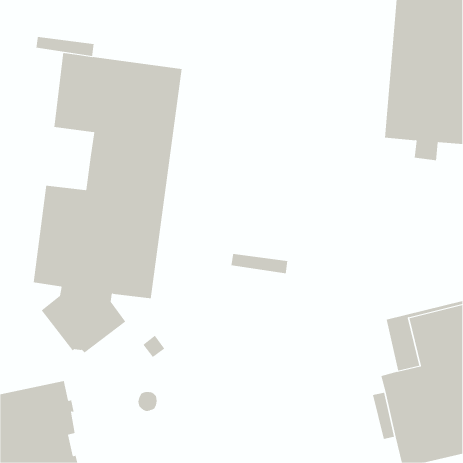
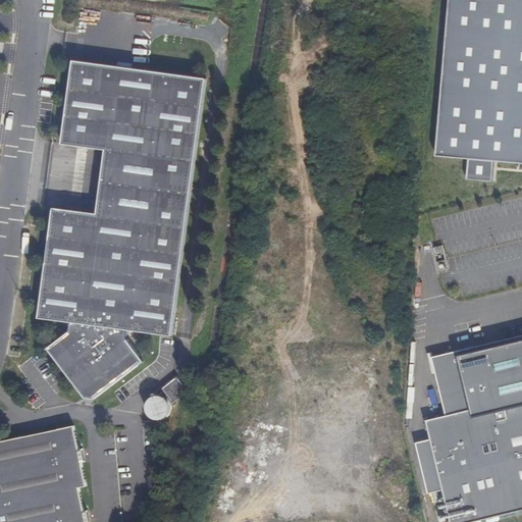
building: [36,36,94,57] -> none
building: [231,253,288,274] -> none
building: [138,392,158,412] -> [148,398,170,420]

